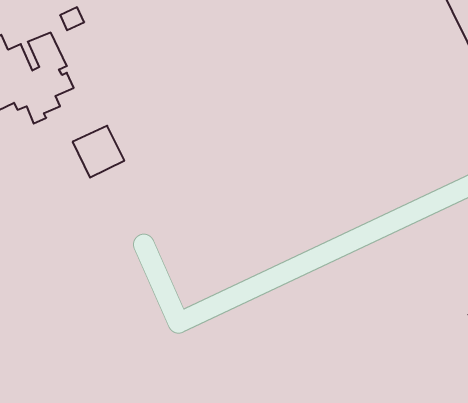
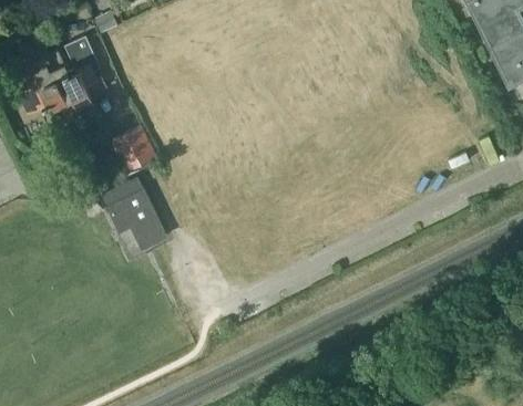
building: none -> [103,178,168,250]

